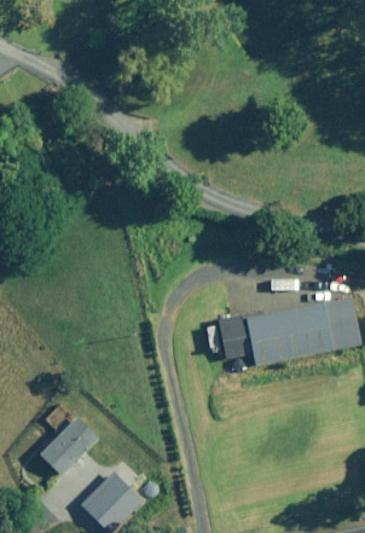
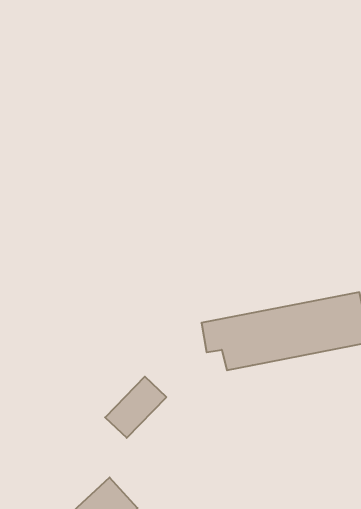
building: [40,416,98,474] -> [105,377,166,438]

